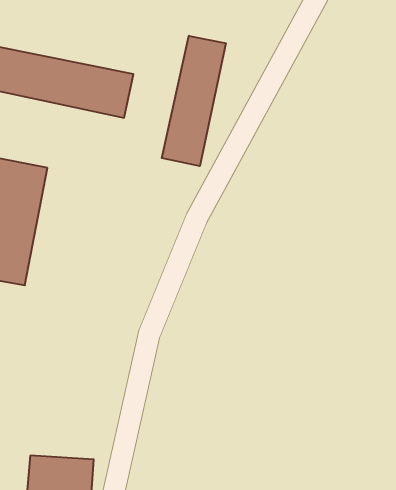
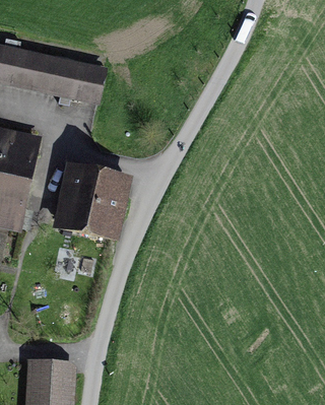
building: [162,36,226,166] -> none
building: none -> [54,161,129,244]

